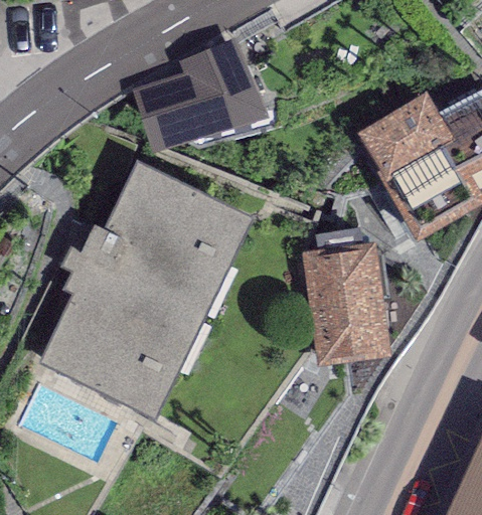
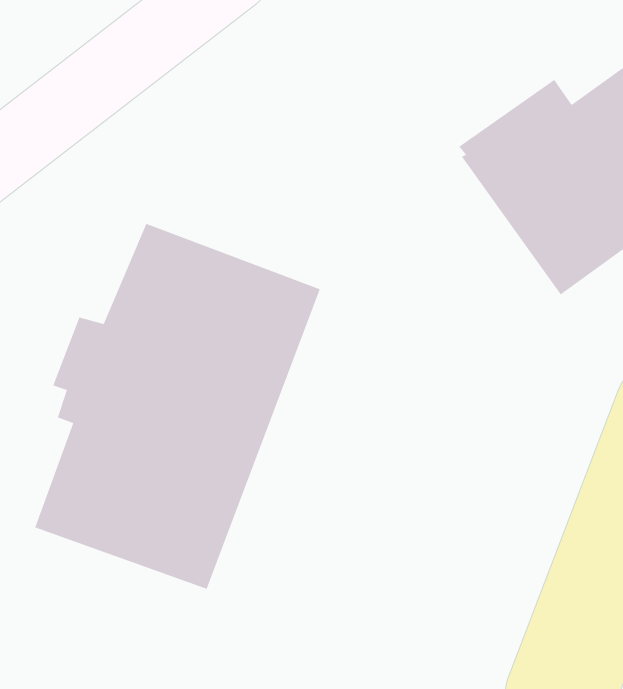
building: [134,38,267,152] -> none
building: [303,243,388,362] -> none

